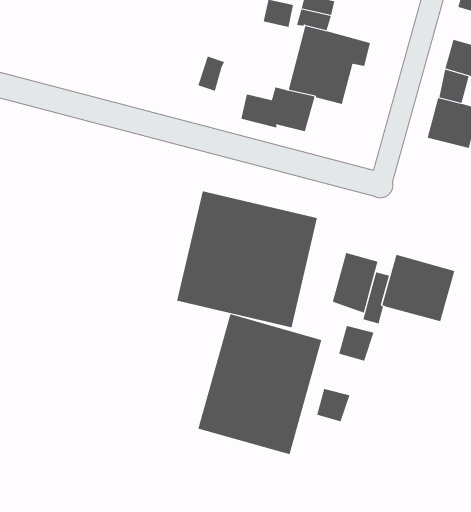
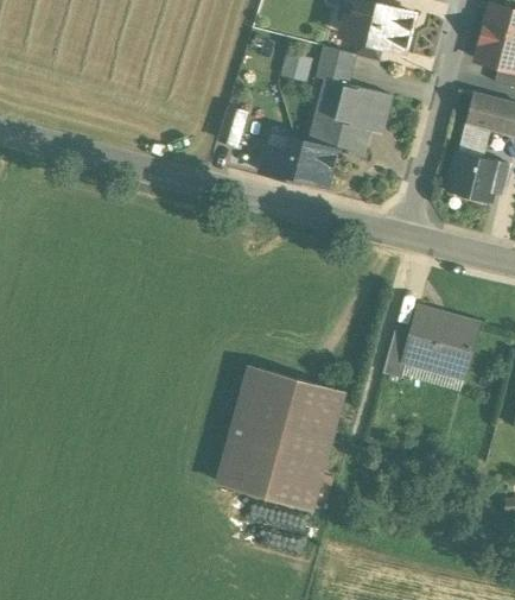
building: [177,190,317,328] -> none
building: [332,252,378,314] -> none
building: [339,325,374,361] -> none
building: [316,388,350,422] -> none

